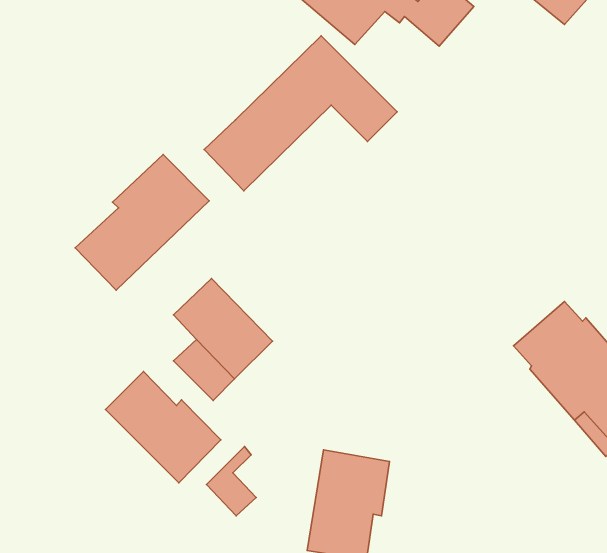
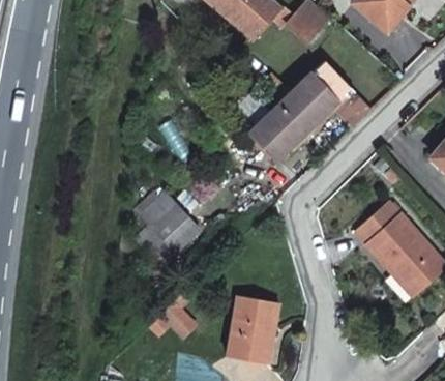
building: [204,36,397,191] -> [254,59,375,156]
building: [75,154,209,290] -> none
building: [105,371,221,483] -> none

